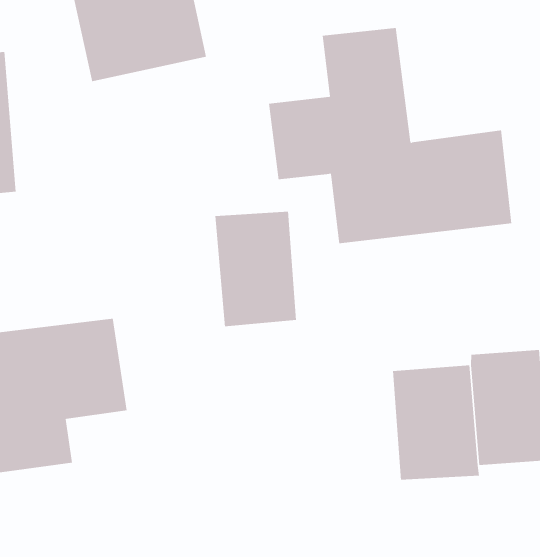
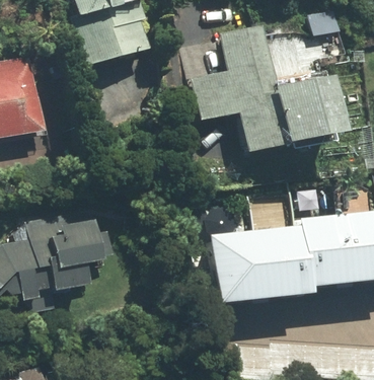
building: [214,211,297,327] -> [224,230,276,300]

